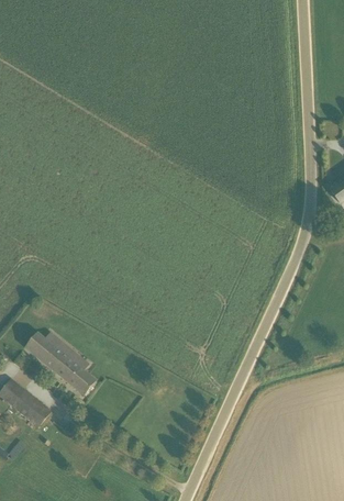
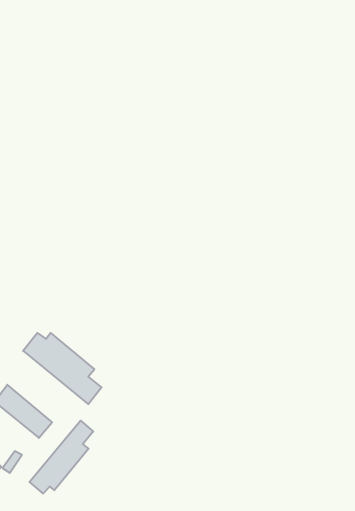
building: none -> [29,421,93,494]

